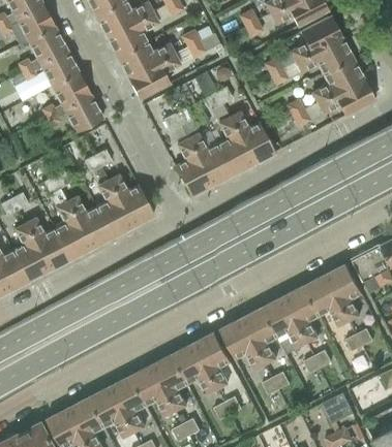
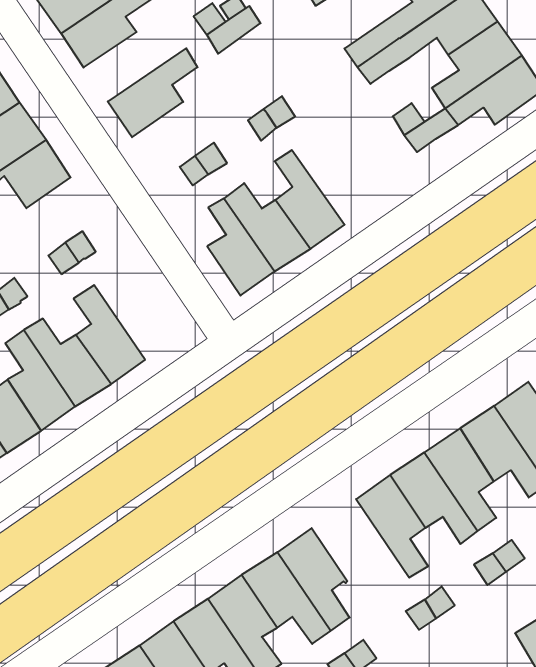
building: [117,40,176,77] -> none
building: [229,109,275,162] -> none
building: [109,173,154,225] -> none
building: [220,317,267,371] -> none

